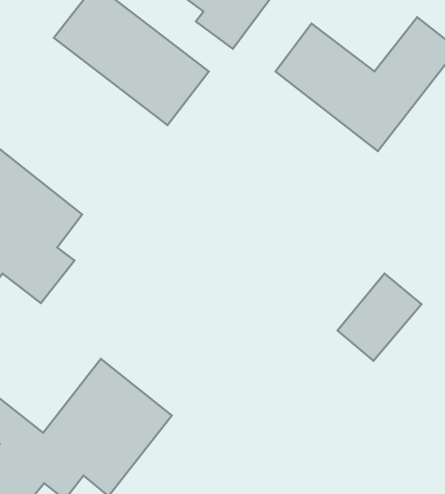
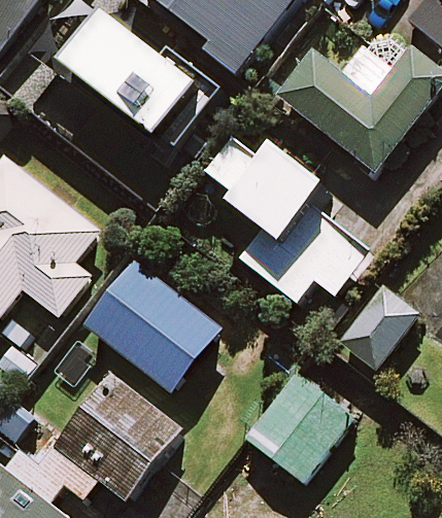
building: none -> [200,138,367,302]
building: none -> [86,264,217,389]
building: none -> [244,373,350,481]

